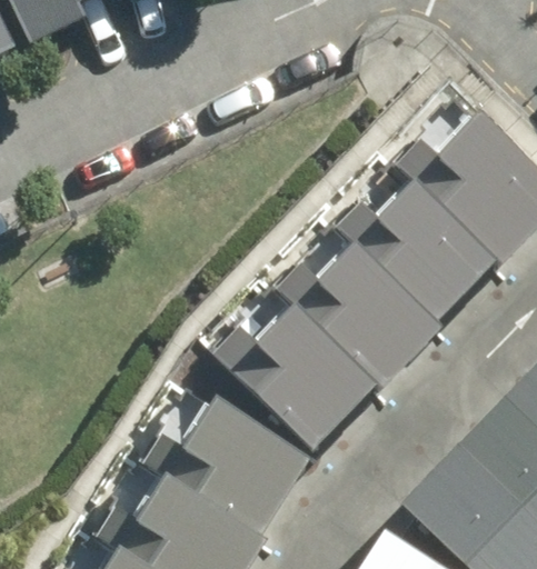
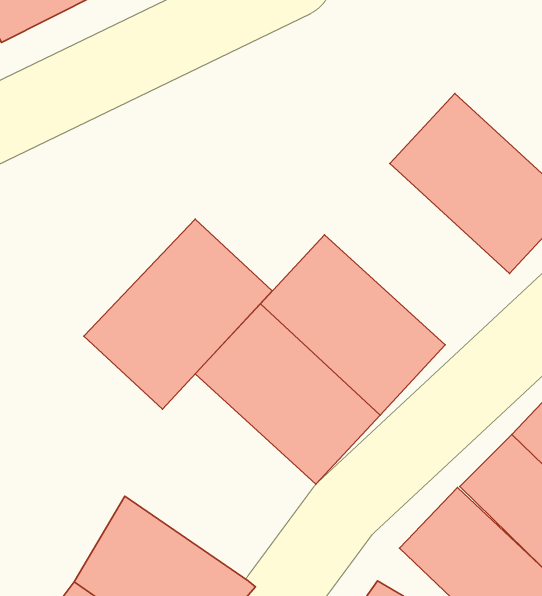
building: [332,158,503,325] -> none
building: none -> [84,219,272,409]
building: [149,391,314,541] -> none

